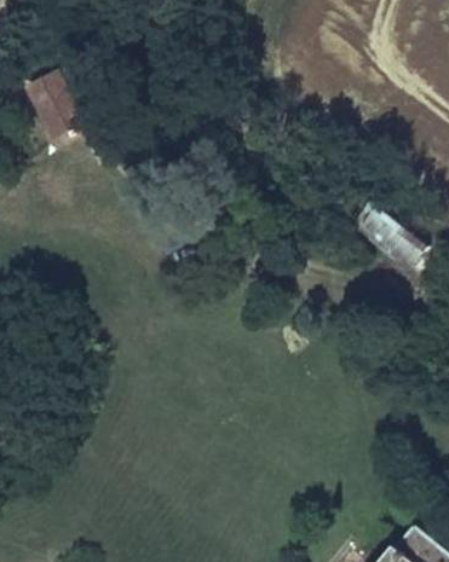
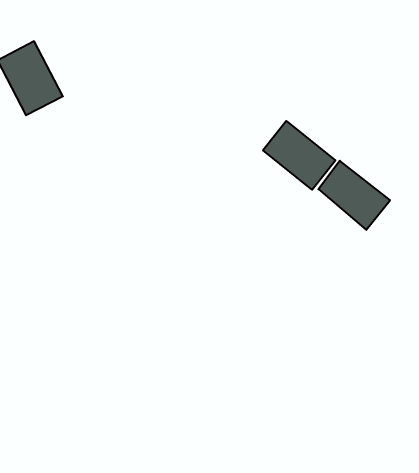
building: none -> [263,121,335,190]

